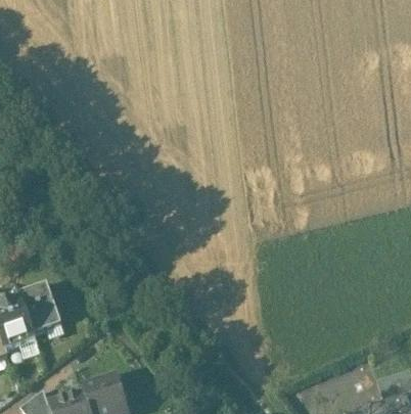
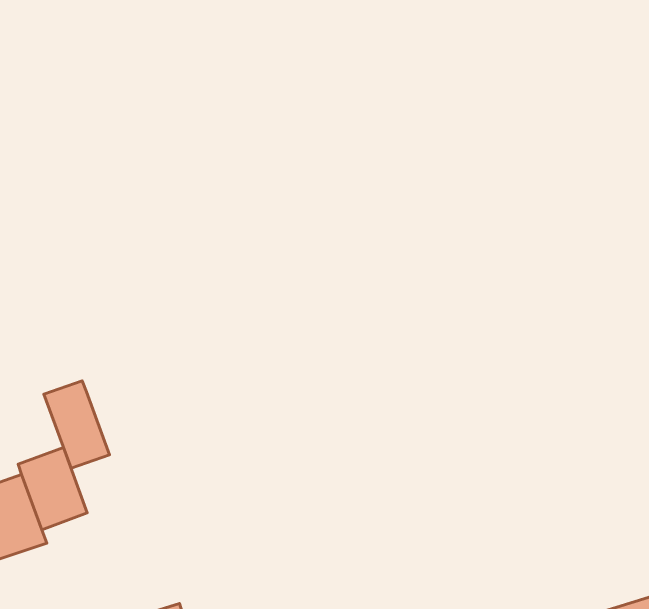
building: none -> [44,381,109,468]

